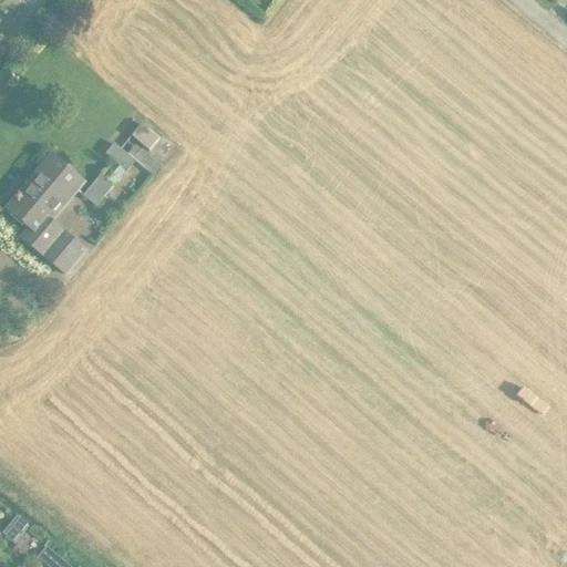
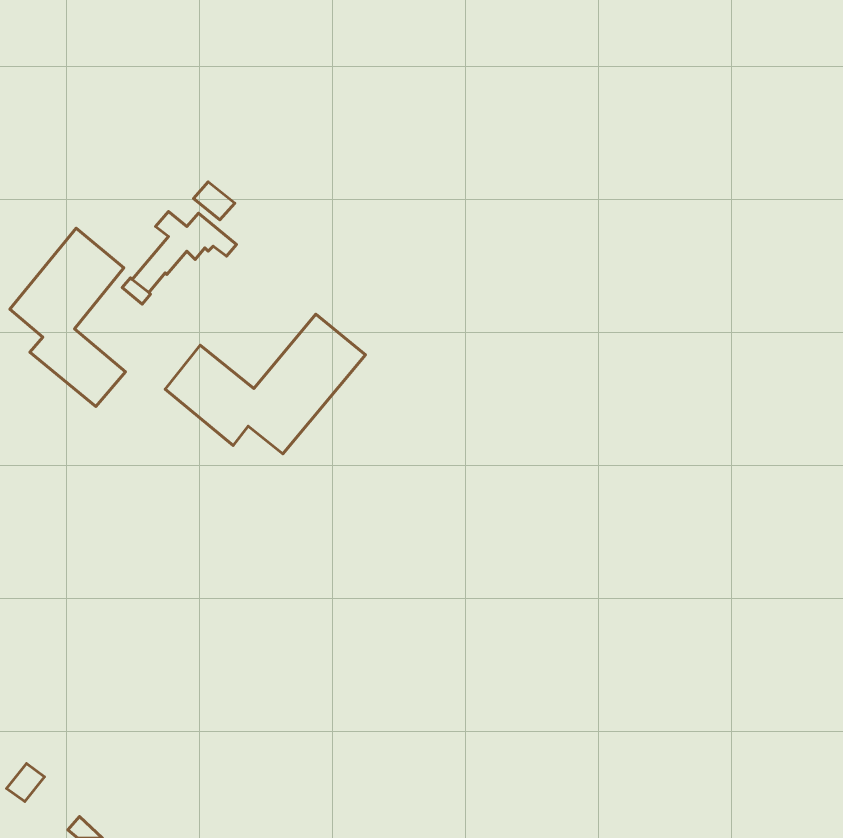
building: none -> [165,314,365,454]

